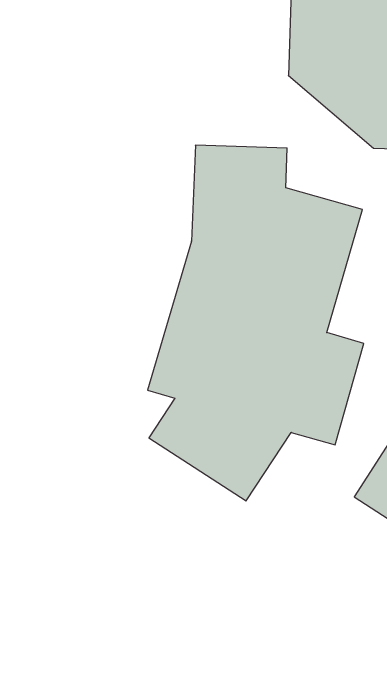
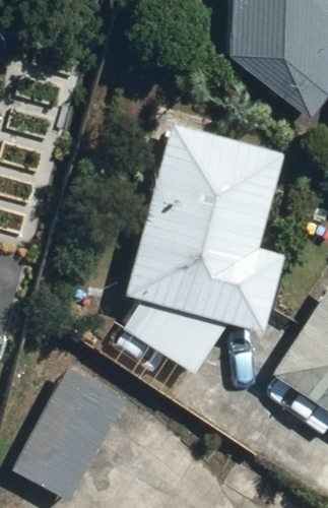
building: none -> [19,370,129,497]

